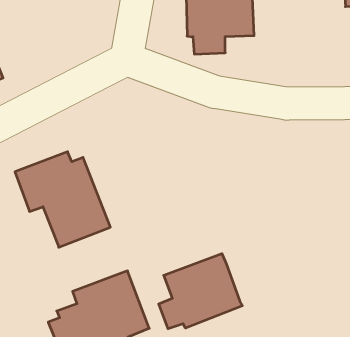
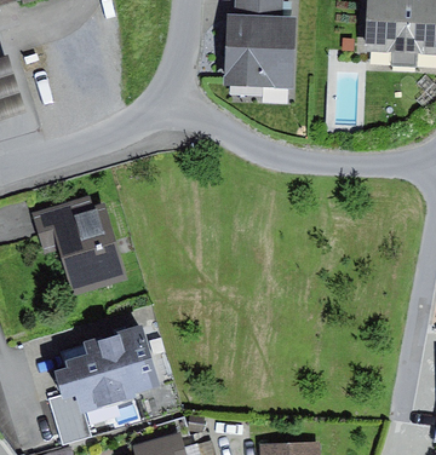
building: [159,254,242,329] -> none

